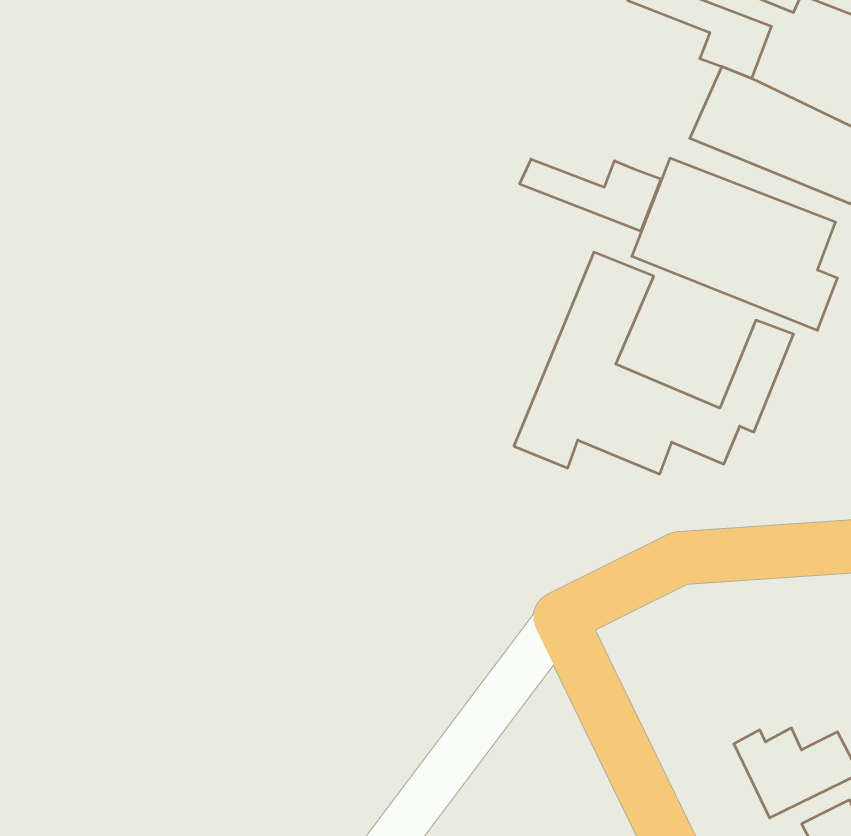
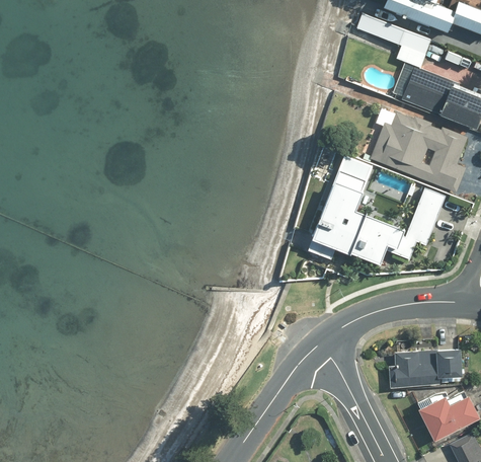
building: [520,159,661,231] -> none
building: none -> [388,351,463,387]

